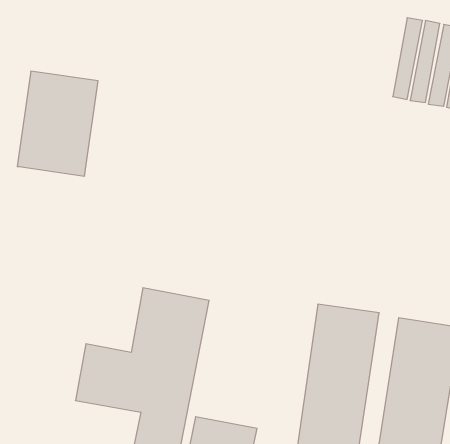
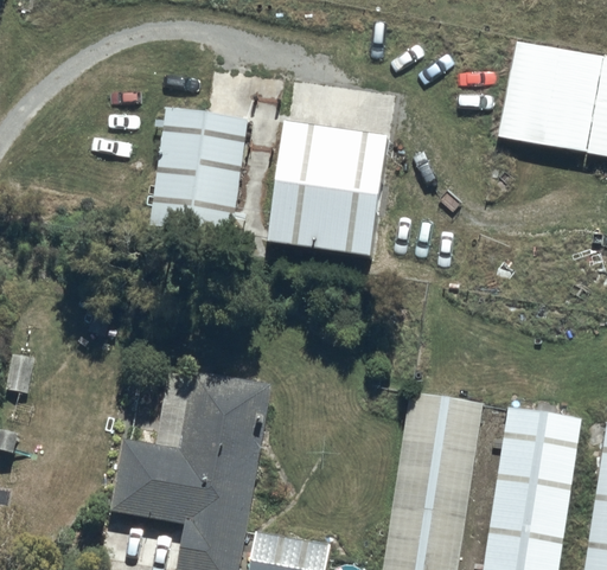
building: [17,71,98,176] -> [149,109,249,238]
building: none -> [267,127,391,264]

